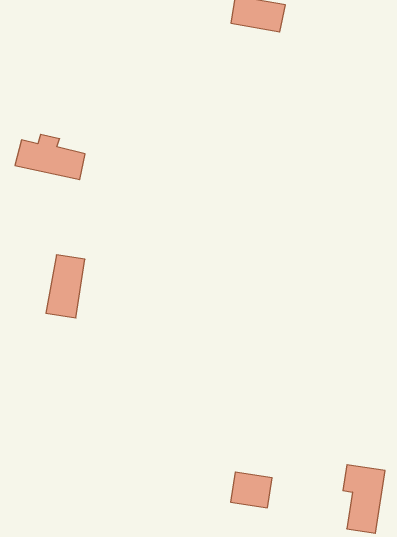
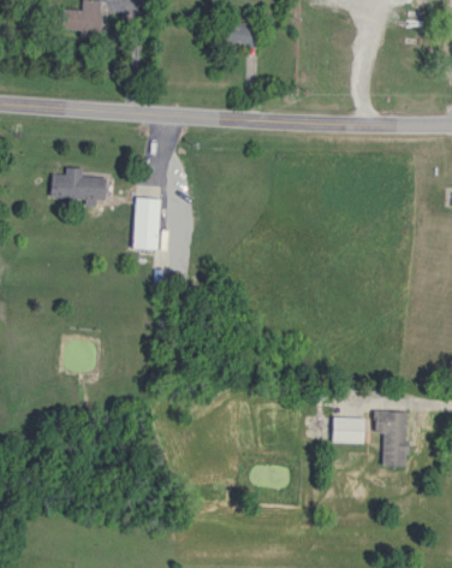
building: [46,255,85,318] -> [133,199,160,250]
building: [231,472,272,508] -> [332,418,364,444]

